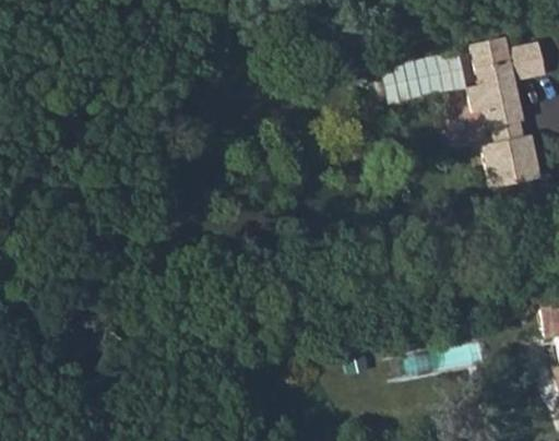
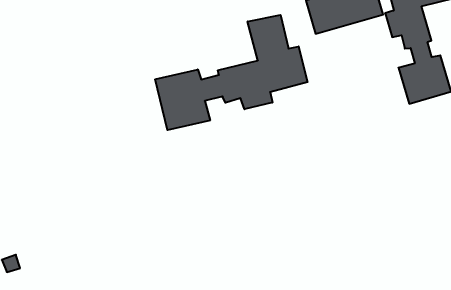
building: none -> [155,15,308,130]

